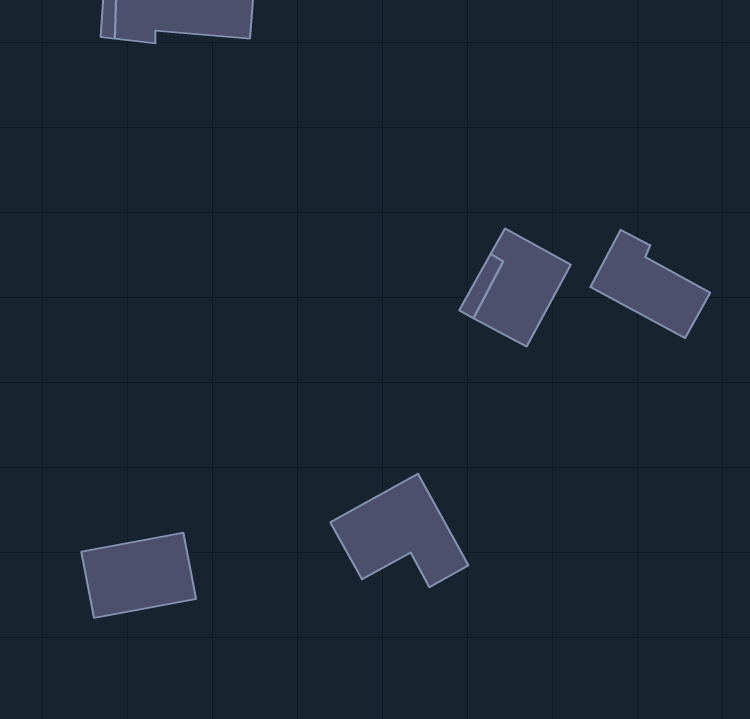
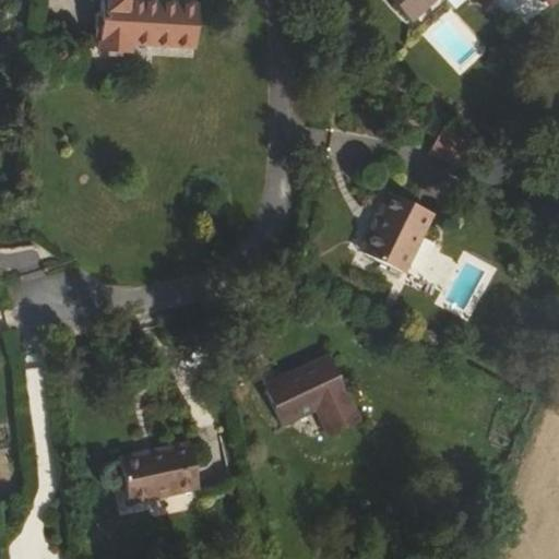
building: [590,230,710,338] -> none
building: [81,533,196,618] -> [124,442,204,501]

